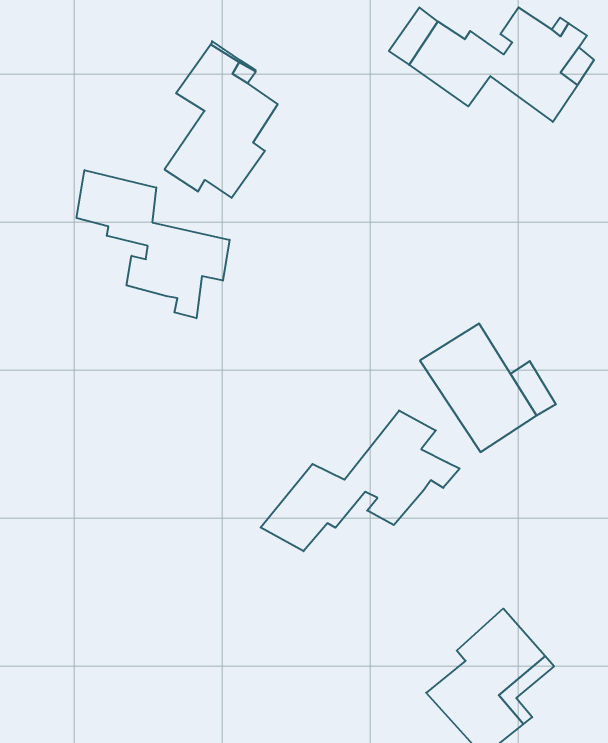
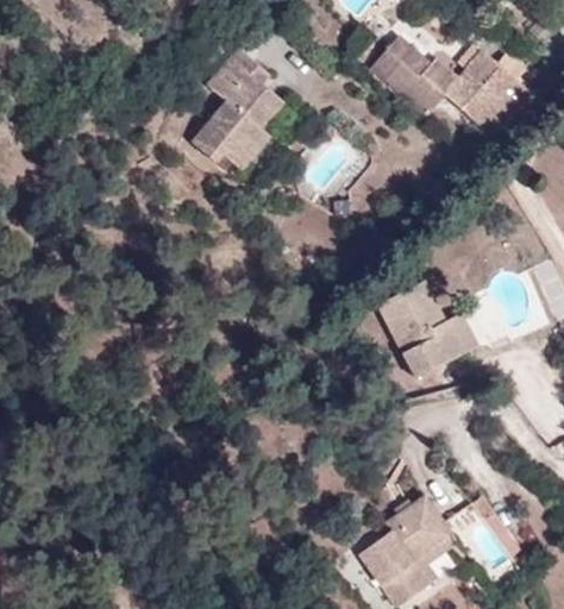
building: [77,170,230,318] -> none
building: [261,410,460,551] -> none

